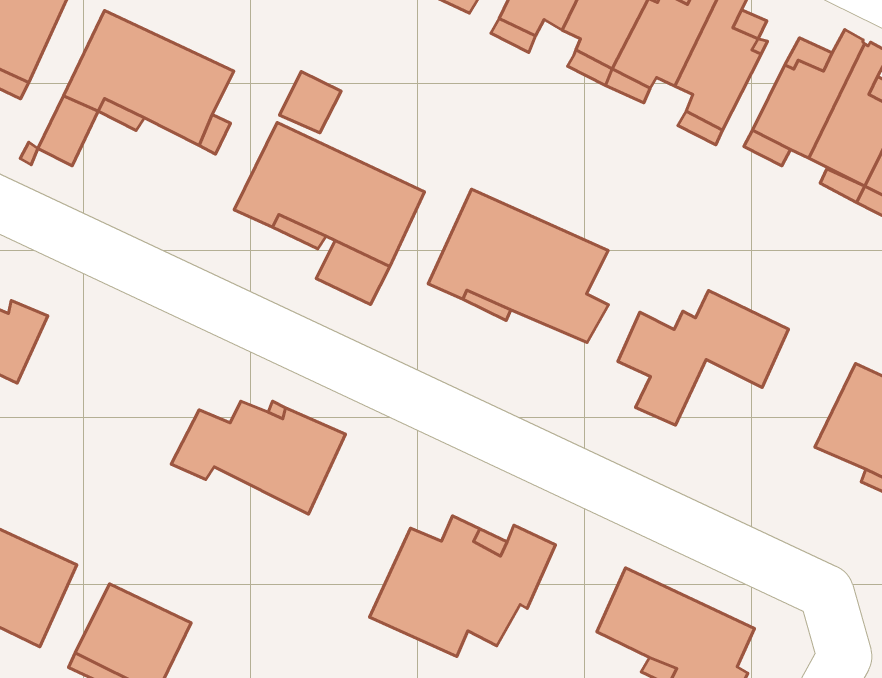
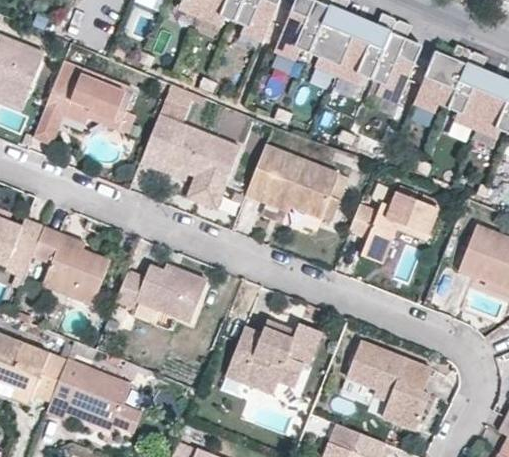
building: none -> [33,226,111,305]

